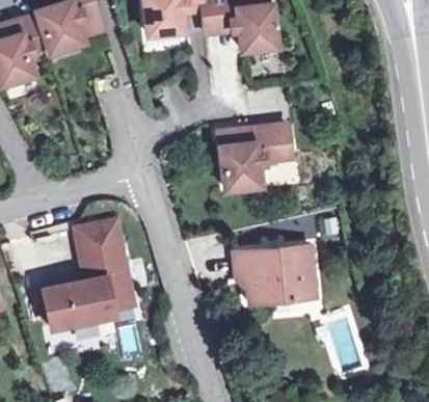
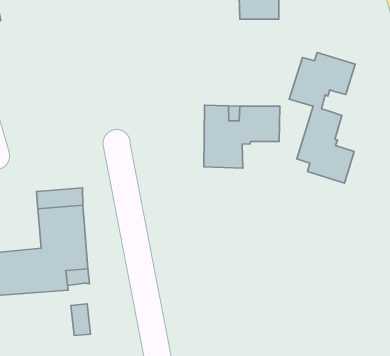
building: none -> [289,52,355,183]
building: [229,244,312,304] -> none

